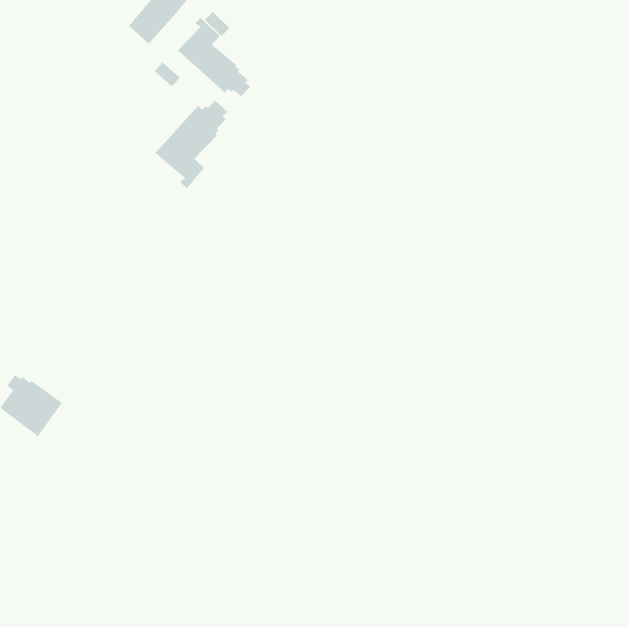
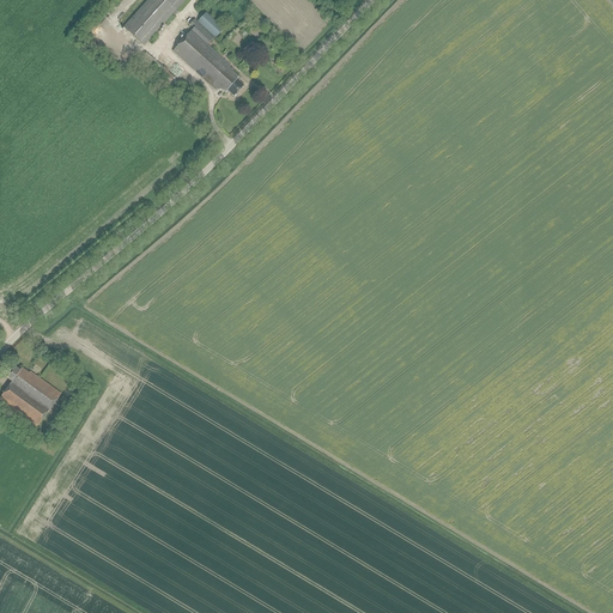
building: [155,100,228,189] -> none

